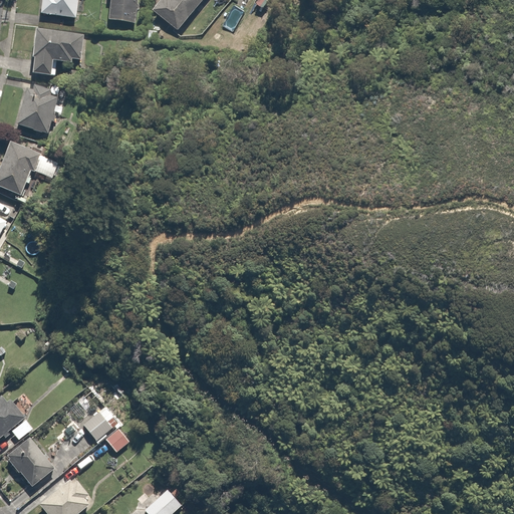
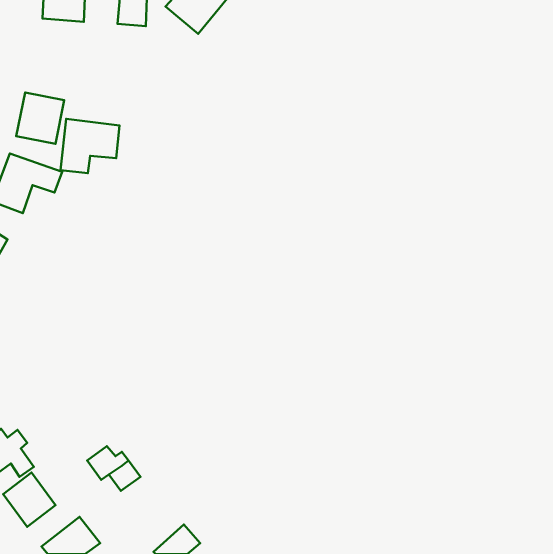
building: [28,28,82,78] -> [61,119,119,173]

